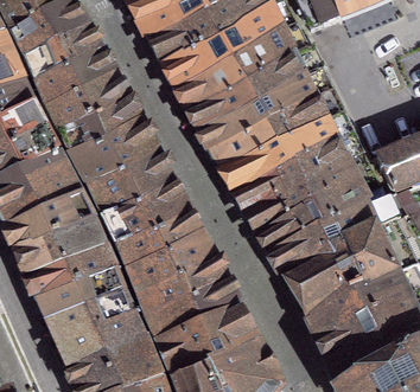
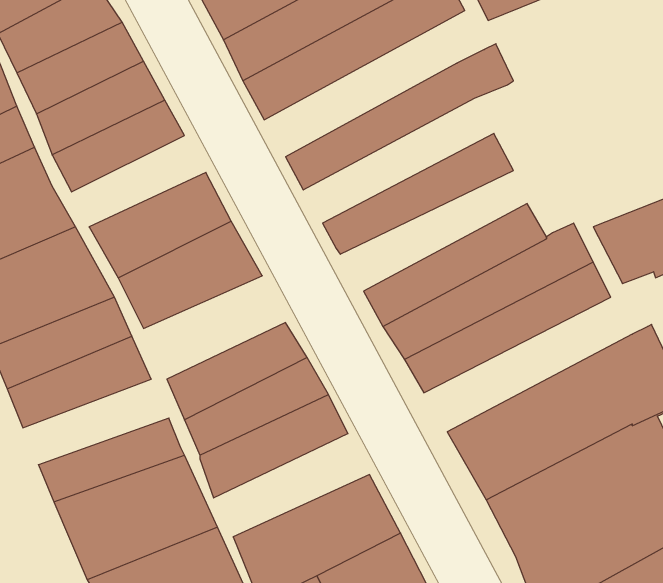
building: [174,23,308,111] -> none
building: [198,68,332,152] -> none
building: [57,98,139,154] -> none
building: [221,120,335,193] -> none
building: [101,184,187,246] -> none
building: [272,195,399,278] -> none
building: [27,246,116,298] -> none
building: [144,279,238,342] -> none

